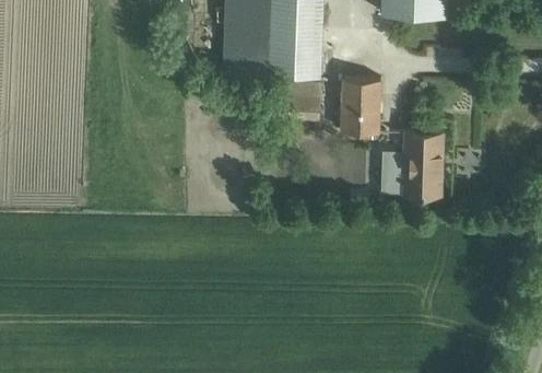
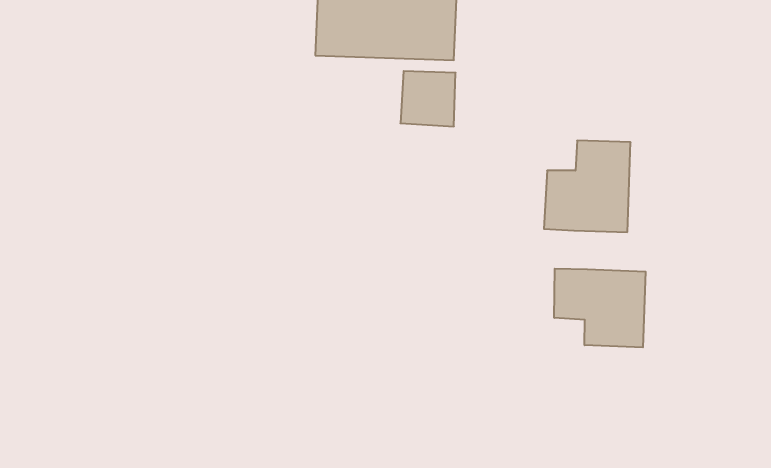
building: [342,82,381,137] -> none
building: none -> [554,269,646,347]

